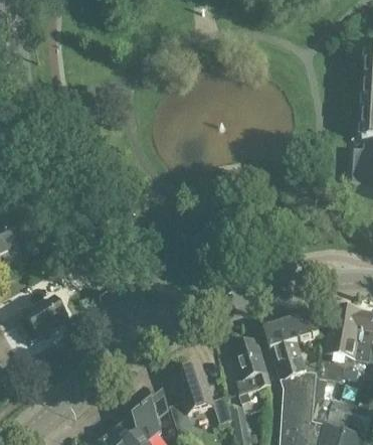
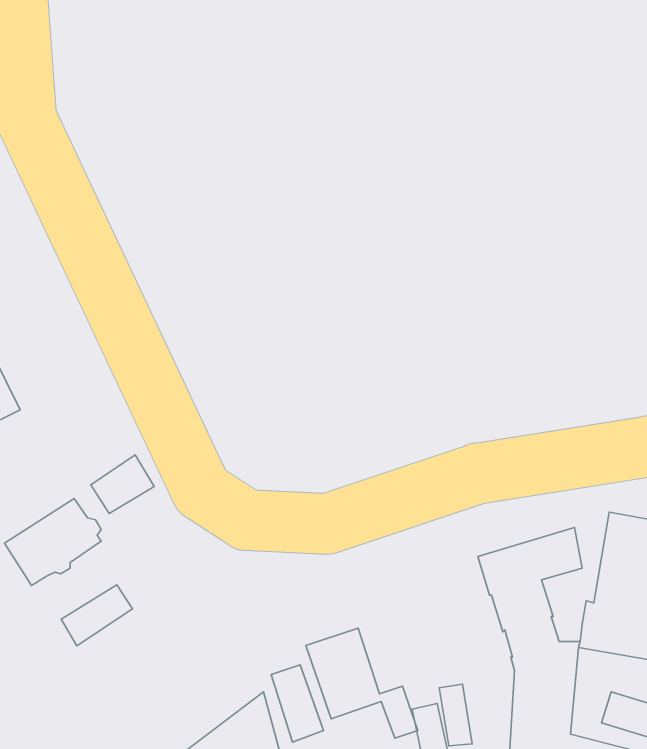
building: none -> [91,455,154,514]
building: [232,338,269,393] -> none
building: none -> [61,585,132,646]

